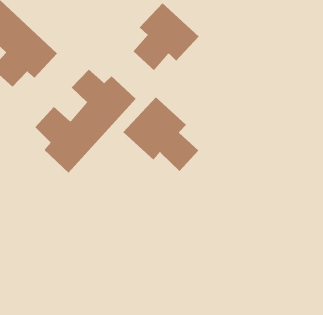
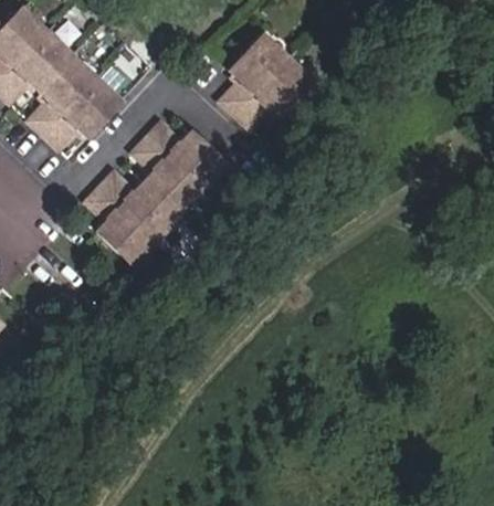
building: [122,96,199,172] -> none

